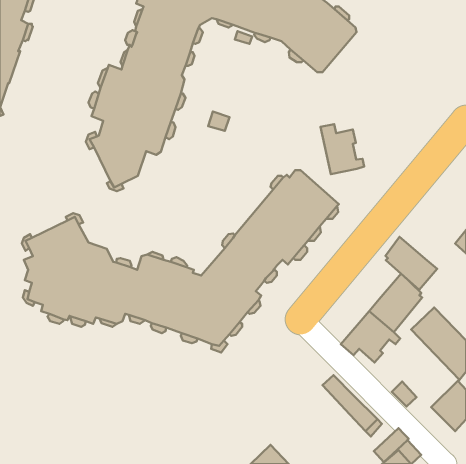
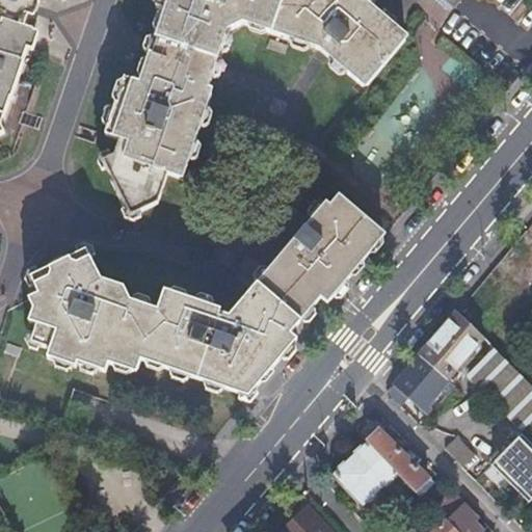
building: [321,124,364,174] -> none
building: [386,237,437,290] -> none
building: none -> [332,437,399,520]

